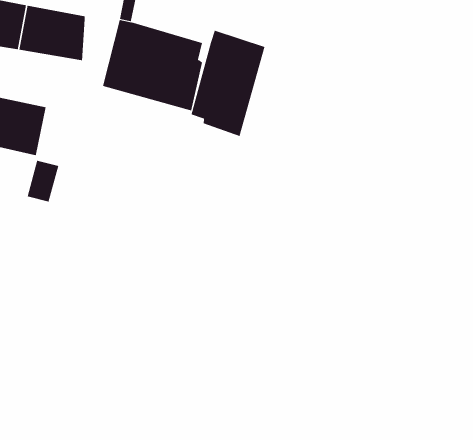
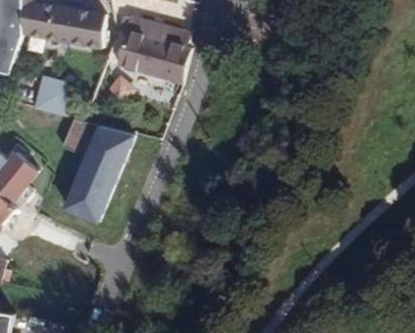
building: [191,30,265,137] -> none
building: none -> [56,122,126,224]

